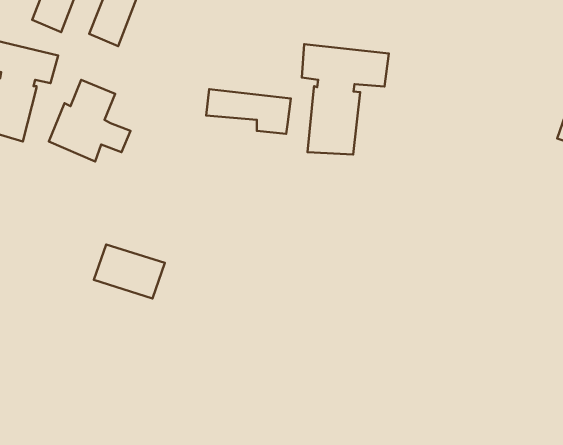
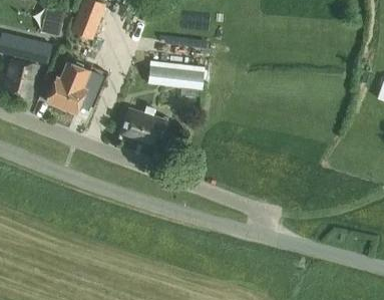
building: [302,44,389,154] -> none
building: [94,245,165,298] -> [121,109,167,144]

